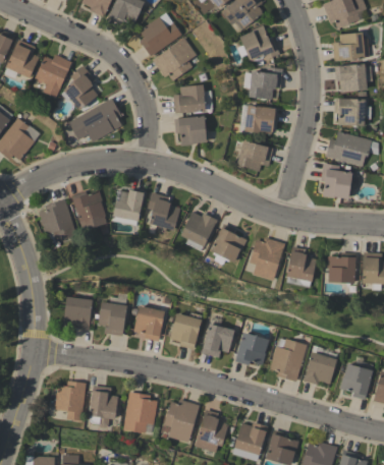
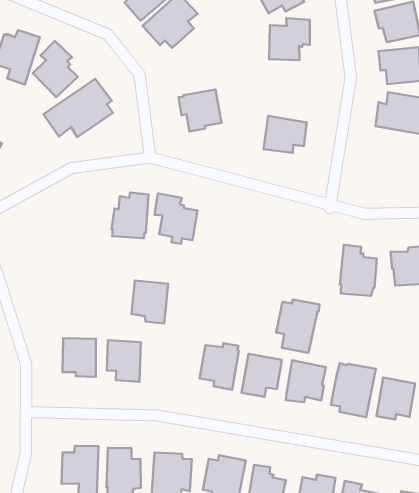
building: [173,85,205,114] -> none
building: [243,105,277,134] -> none
building: [320,164,351,198] -> none
building: [71,190,107,231] -> none
building: [38,199,77,245] -> none
building: [180,212,217,251] -> none
building: [210,224,246,263] -> none
building: [249,238,284,281] -> [276,299,319,353]
building: [133,306,164,342] -> [132,281,168,324]

